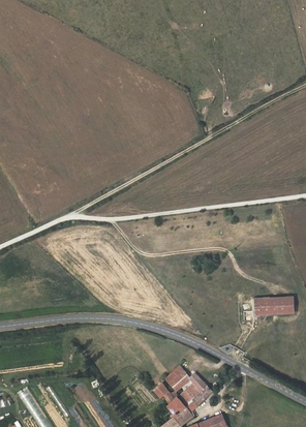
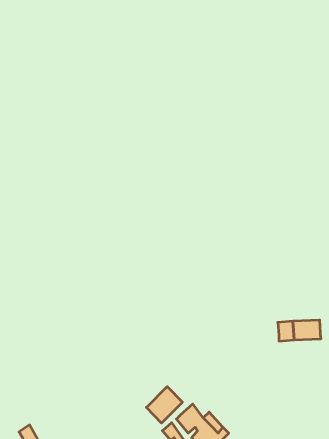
building: none -> [146,387,182,423]

